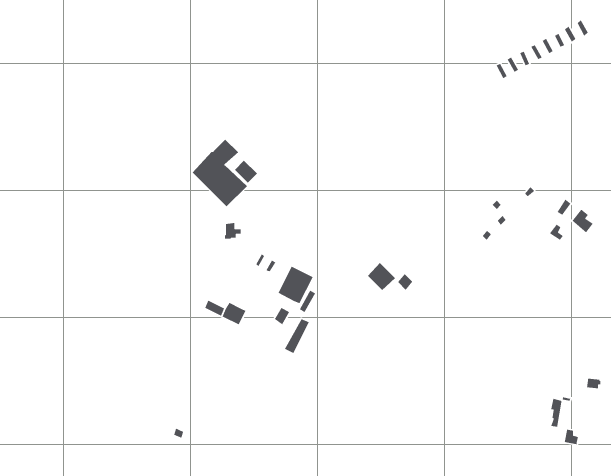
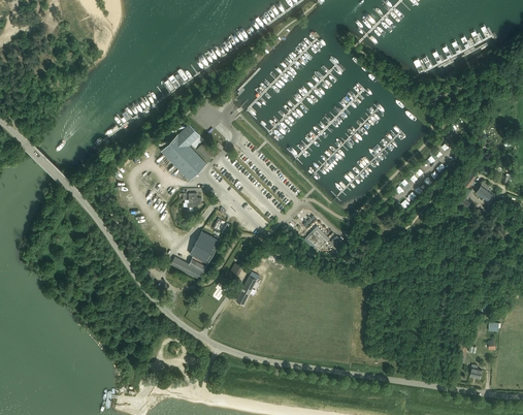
building: [278,266,314,304] -> [189,231,219,263]

